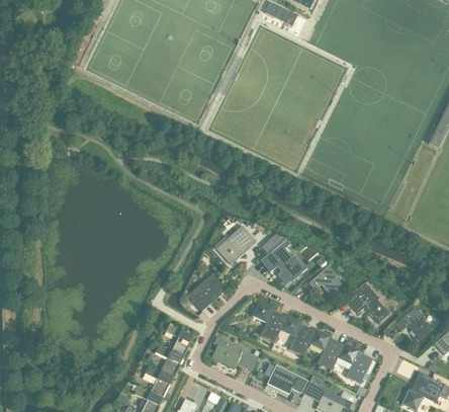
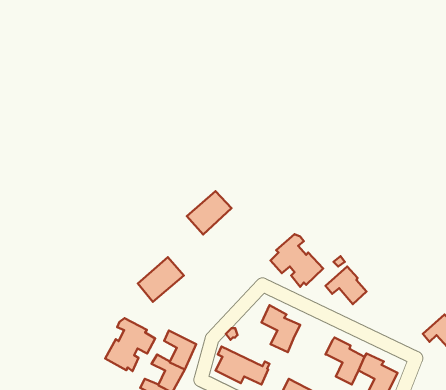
building: [216,226,256,264] -> [187,191,232,235]
building: [188,271,229,311] -> [138,257,184,302]
building: [347,284,389,323] -> none
building: none -> [105,318,155,371]
building: [280,314,315,355] -> none

